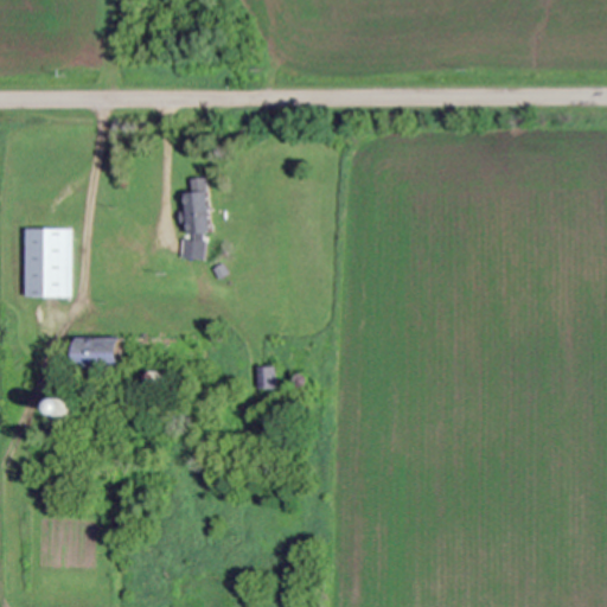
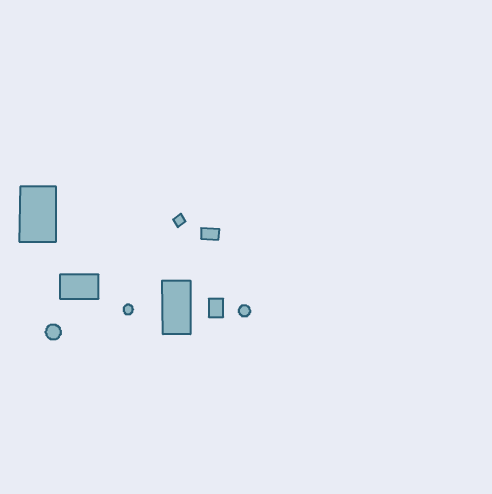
building: [178,178,211,258] -> none
building: none -> [162,281,190,334]

